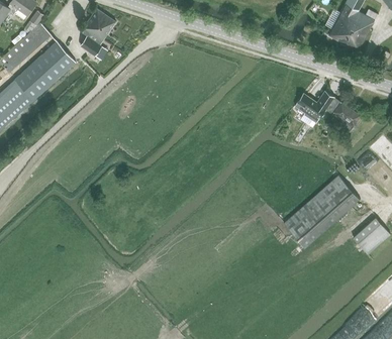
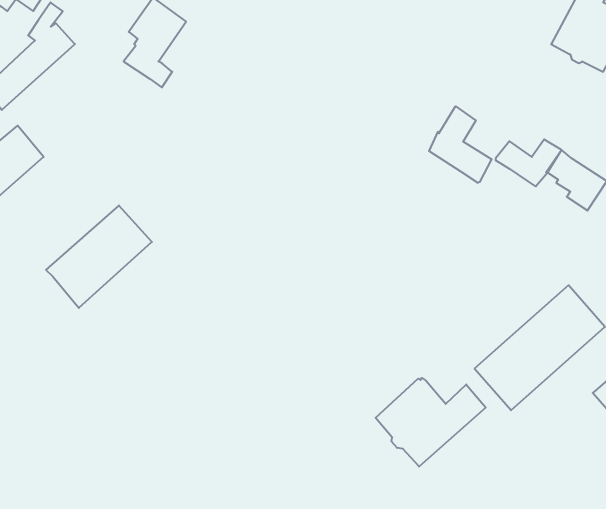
building: [14,41,76,101] -> [46,205,152,308]
building: none -> [429,106,492,183]
building: none -> [376,378,486,467]

